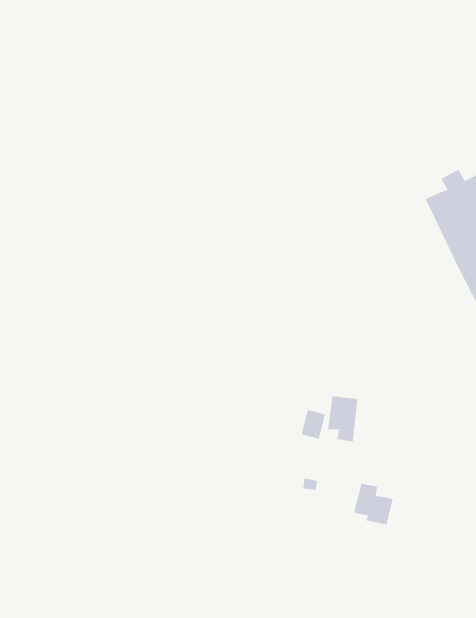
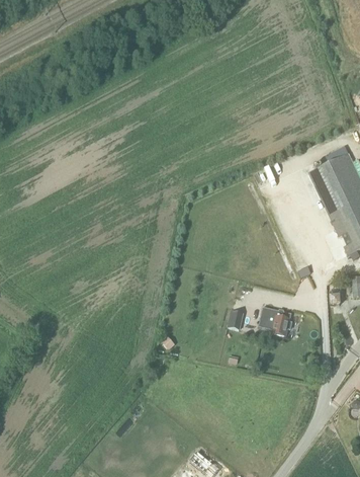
building: [353,483,393,525] -> [264,308,290,335]

